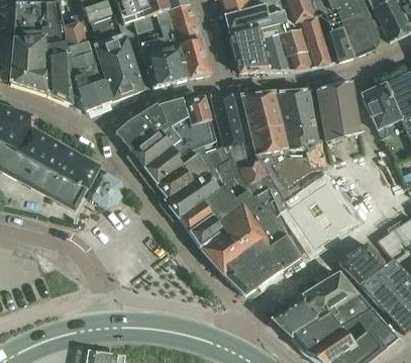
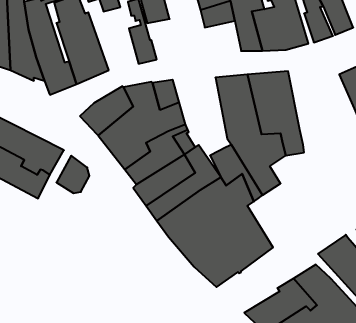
building: [139,37,171,87] -> none
building: [179,39,210,78] -> none
building: [233,41,268,72] -> none
building: [316,80,359,143] -> none
building: [211,94,253,169] -> none
building: [287,180,354,247] -> none

